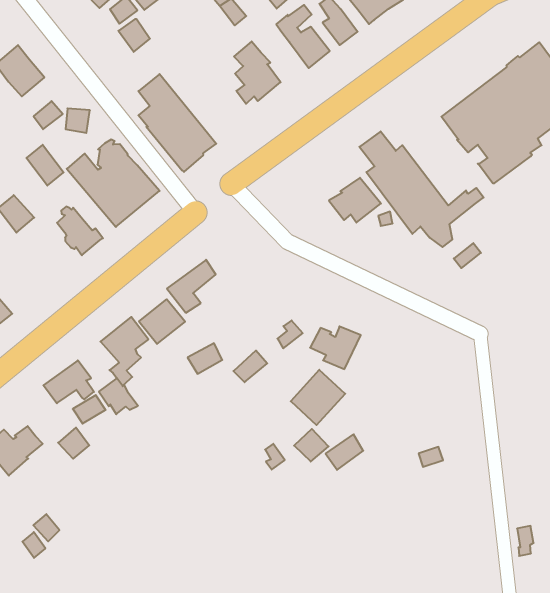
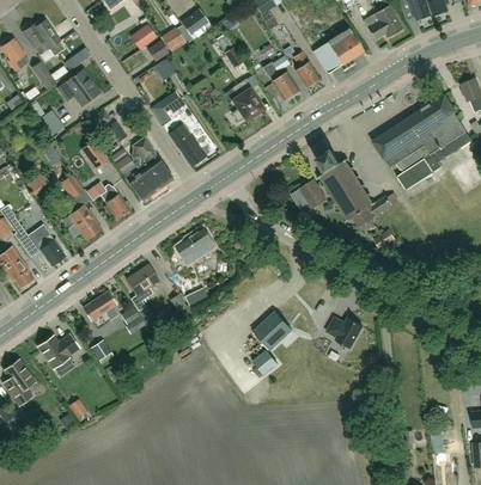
building: none -> [68,205,102,240]
building: [139,299,185,344] -> none
building: [310,326,361,369] -> [327,318,363,348]

